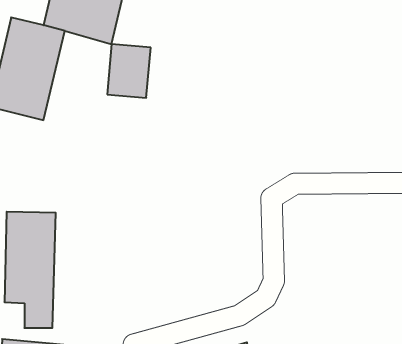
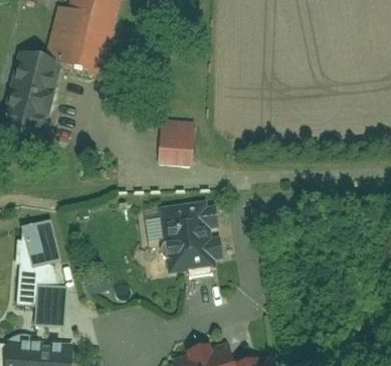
building: [107,44,151,98] -> [153,120,192,168]
building: none -> [162,200,223,272]

